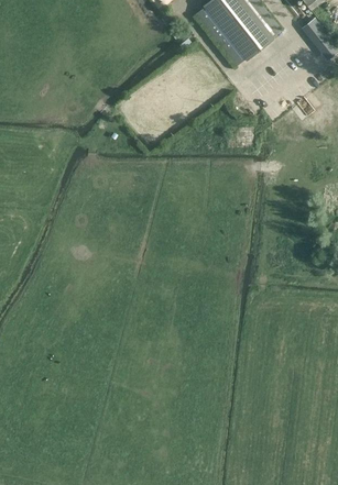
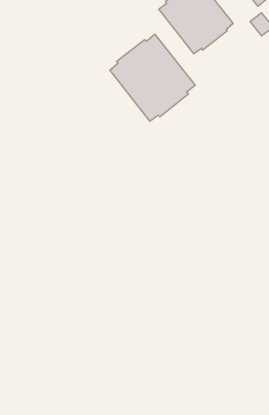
building: none -> [110,34,195,121]

